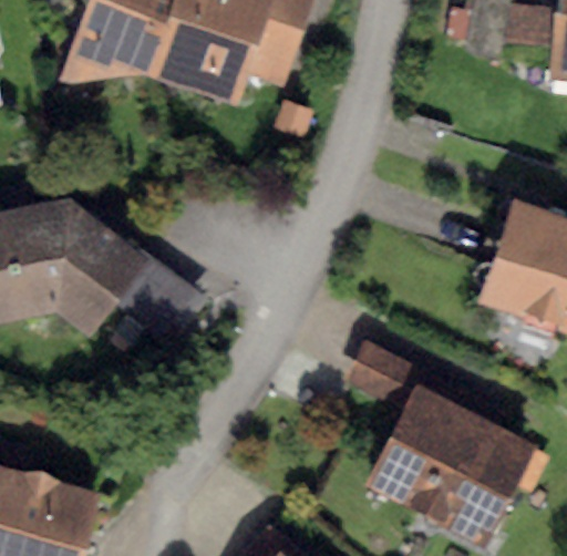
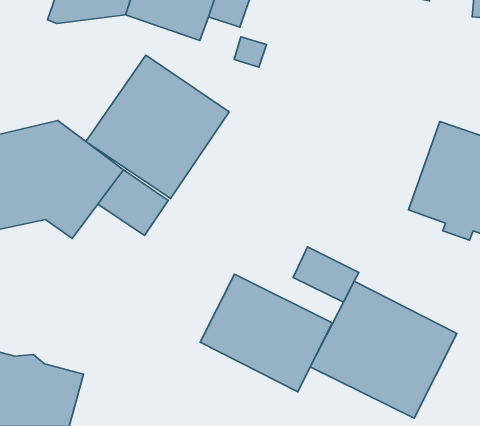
building: none -> [86,55,229,198]
building: none -> [200,274,332,392]

